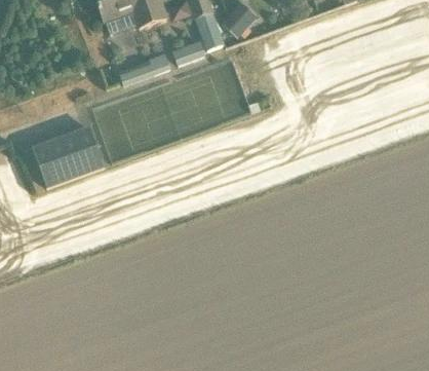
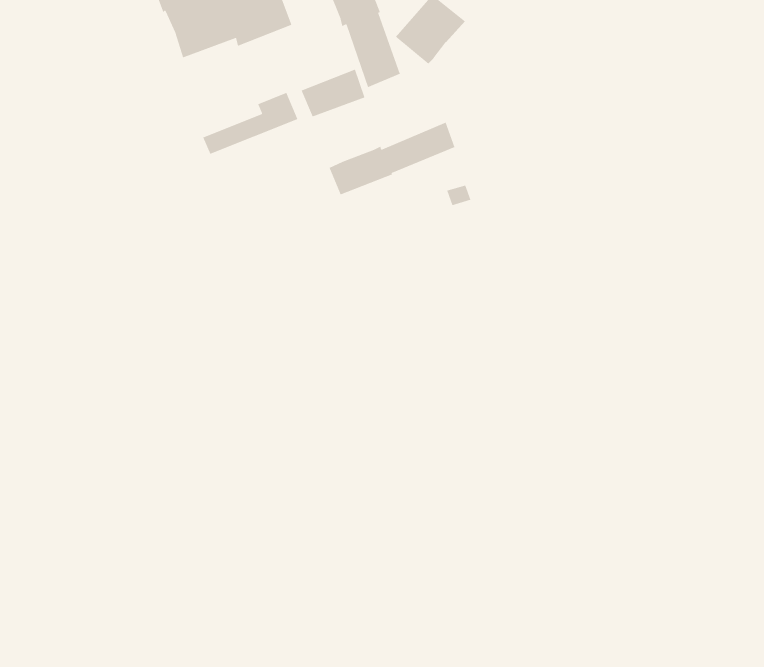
building: none -> [329,121,455,196]
building: [32,127,104,187] -> none

